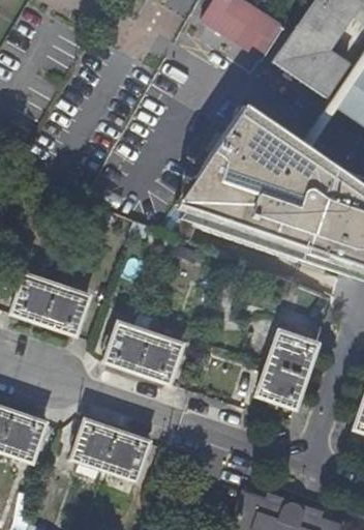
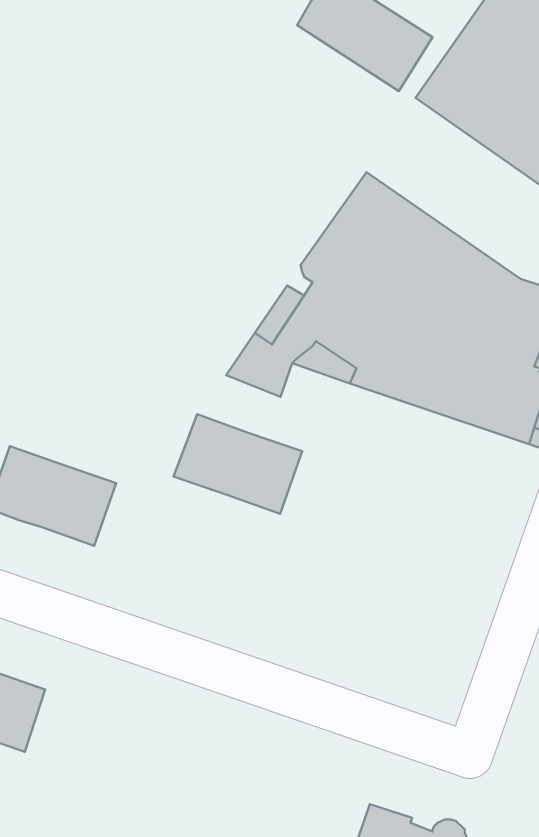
building: [105,322,184,383] -> [174,414,302,514]
building: [257,330,320,408] -> none
building: [72,419,151,480] -> none

